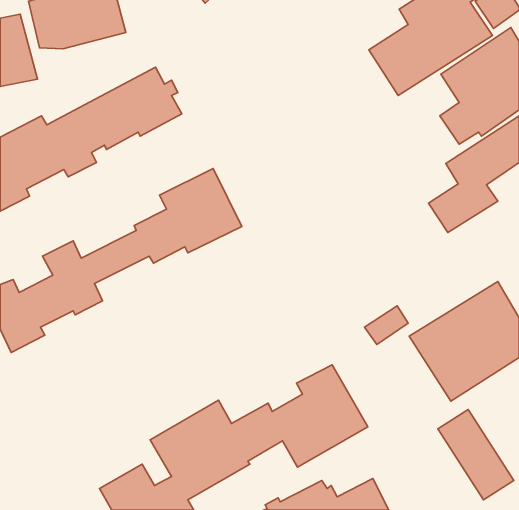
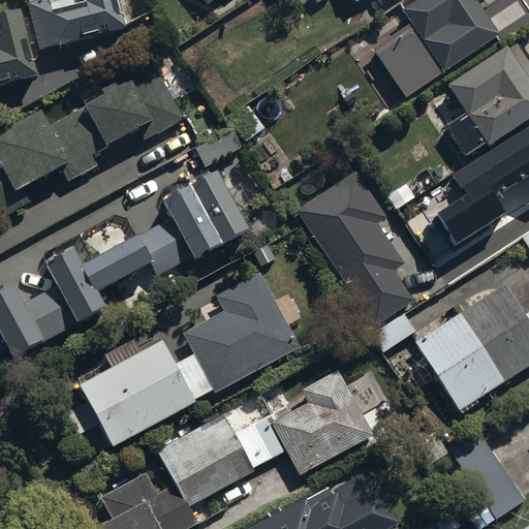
building: none -> [298,169,415,325]
building: none -> [183,274,301,394]
building: none -> [69,340,197,455]

